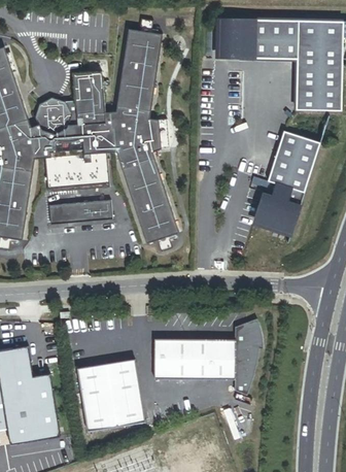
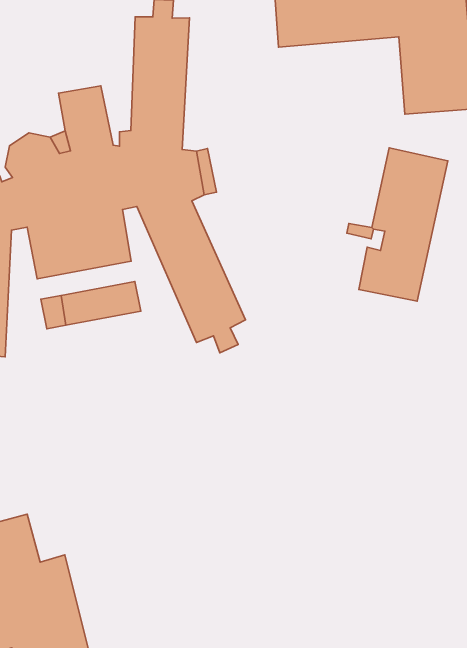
building: [151,321,263,400] -> none
building: [77,361,142,433] -> none

